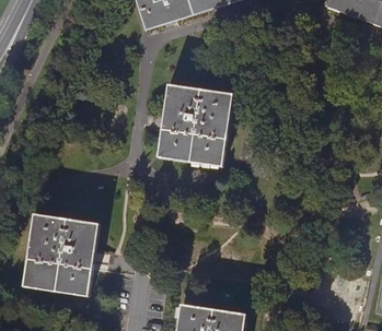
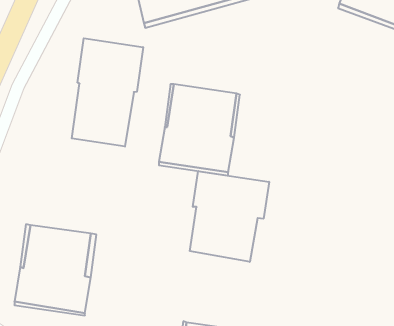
building: none -> [72,38,143,147]
building: none -> [190,171,269,262]

